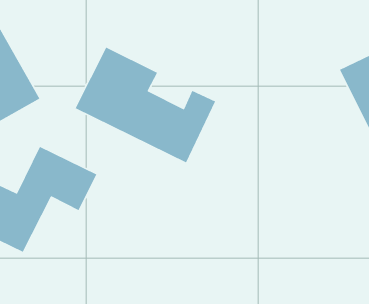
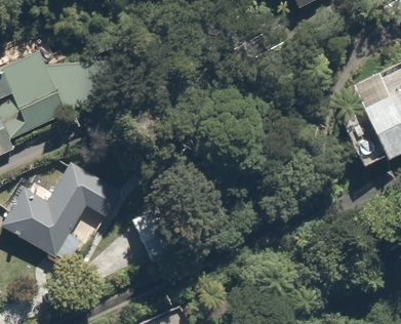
building: [75,46,216,163] -> none

